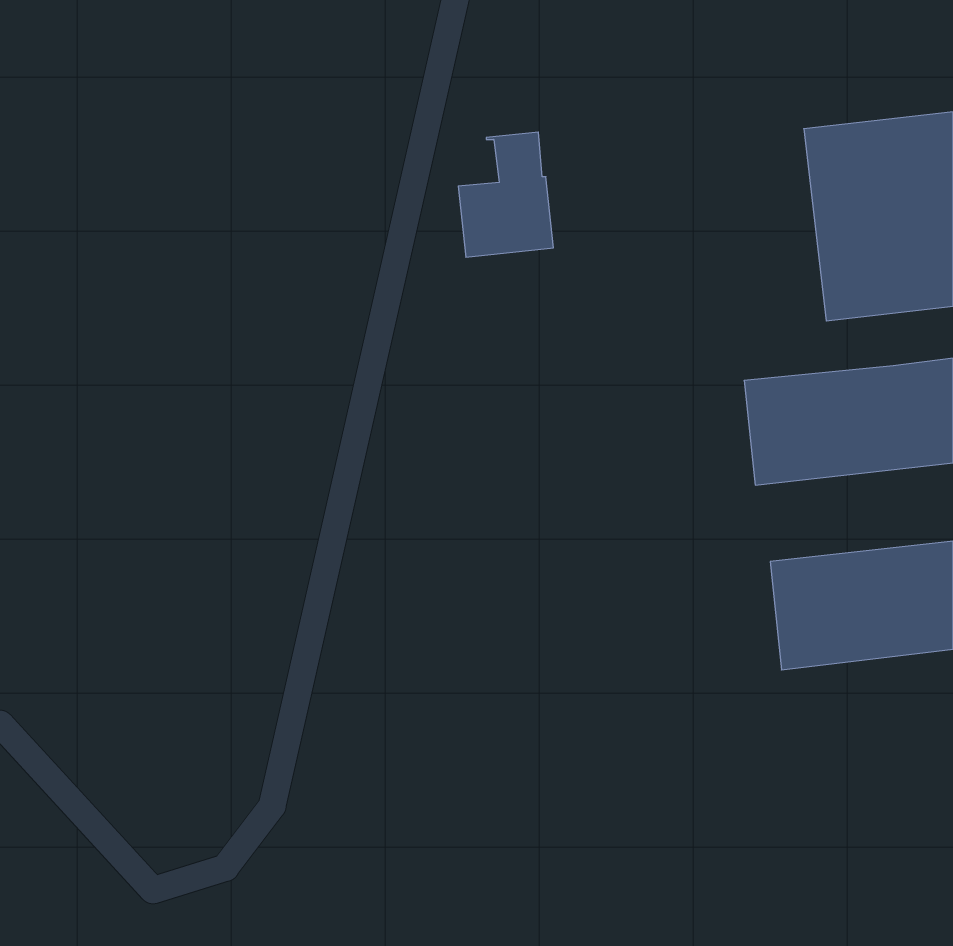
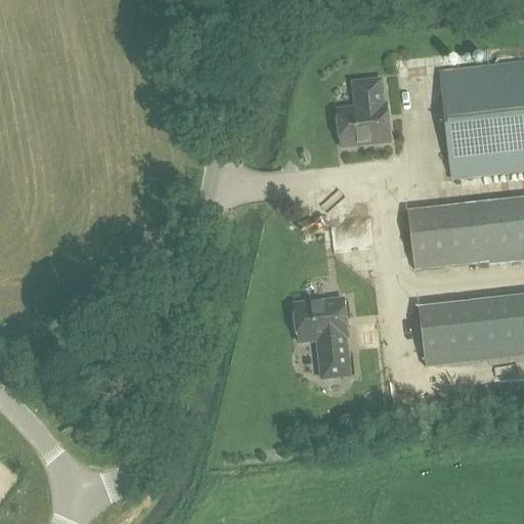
building: [458,132,553,257] -> [338,77,390,145]
building: none -> [295,297,350,377]

